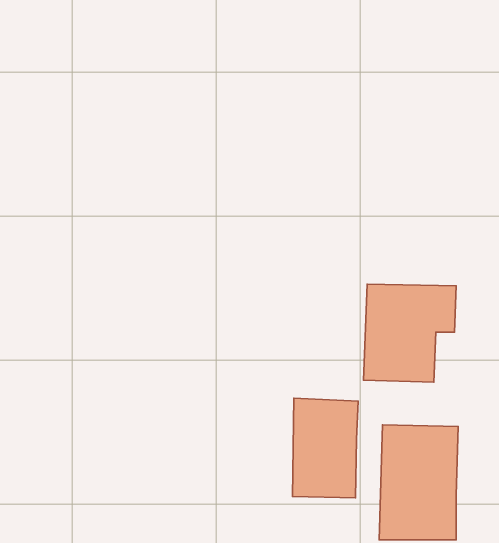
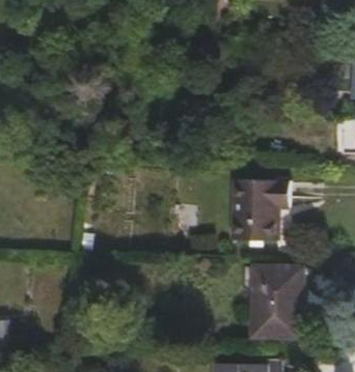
building: [292,398,358,498] -> none

